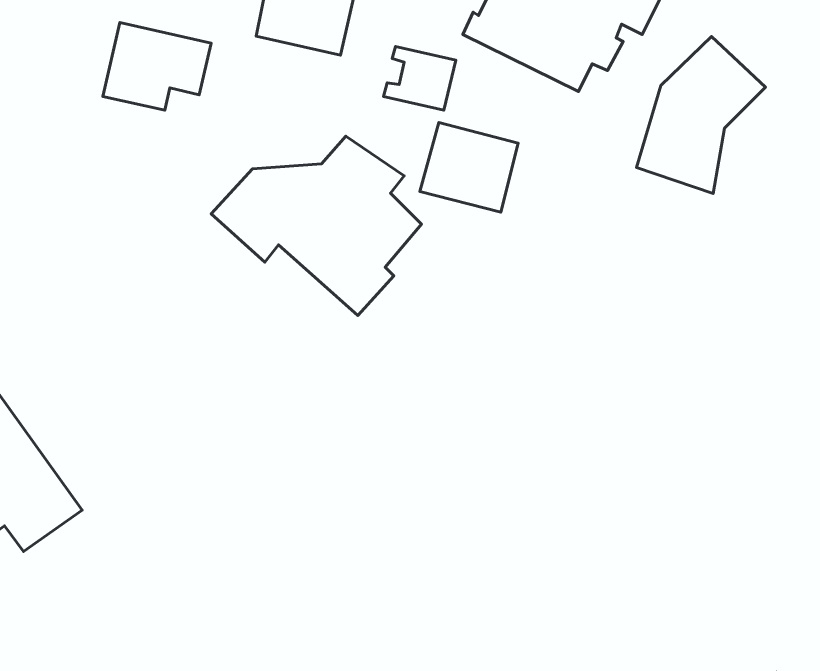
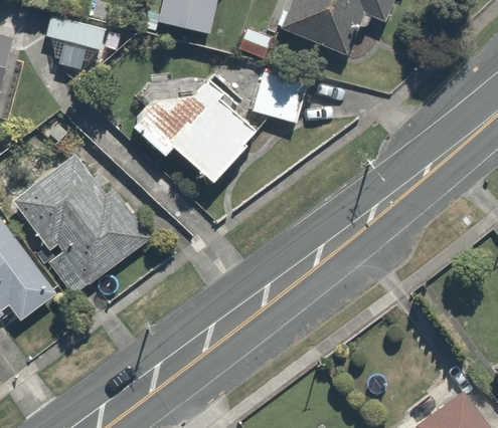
building: [636,37,765,194] -> none
building: none -> [13,152,142,292]

